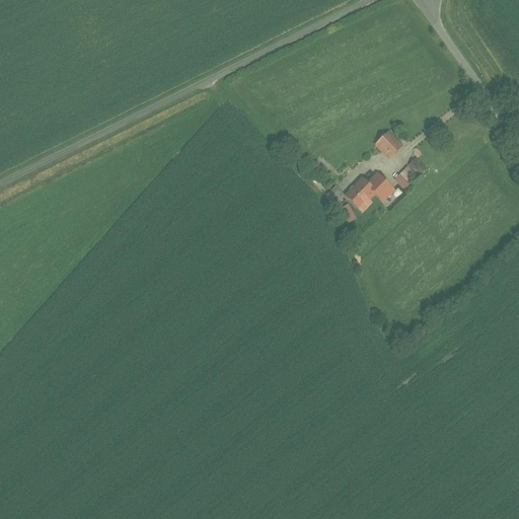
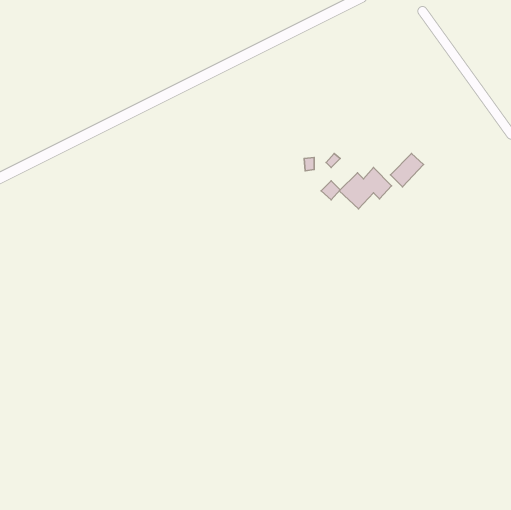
building: [374,129,402,157] -> none

